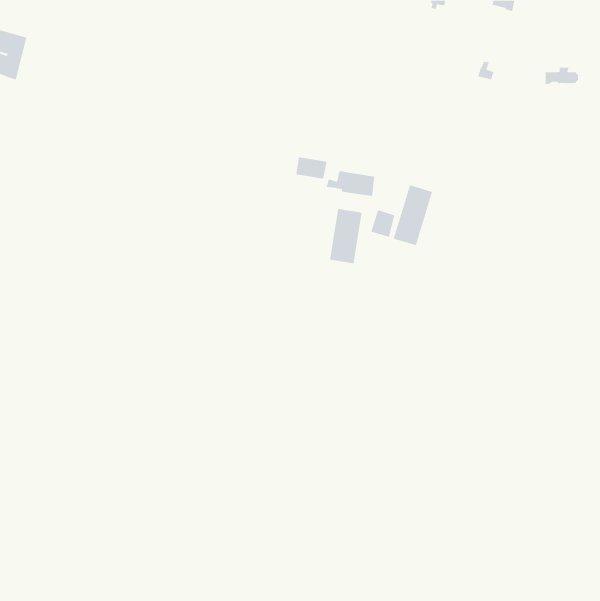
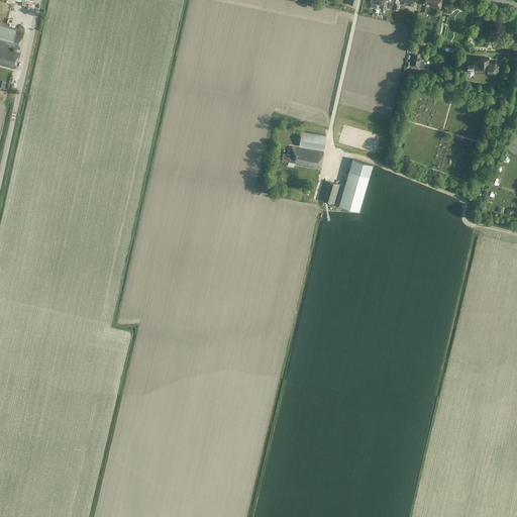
building: [296,157,327,179] -> [298,131,325,150]
building: [330,208,362,264] -> none

